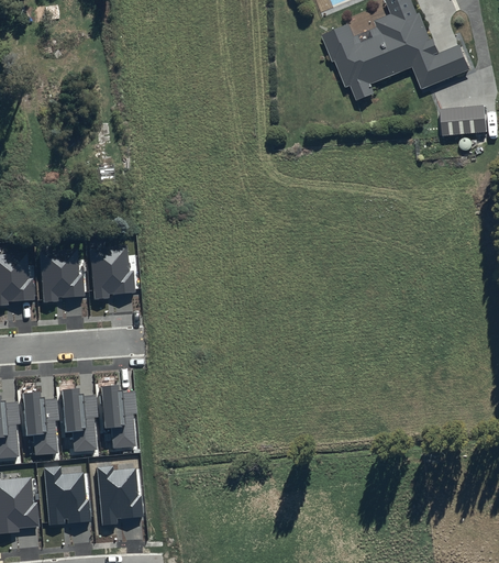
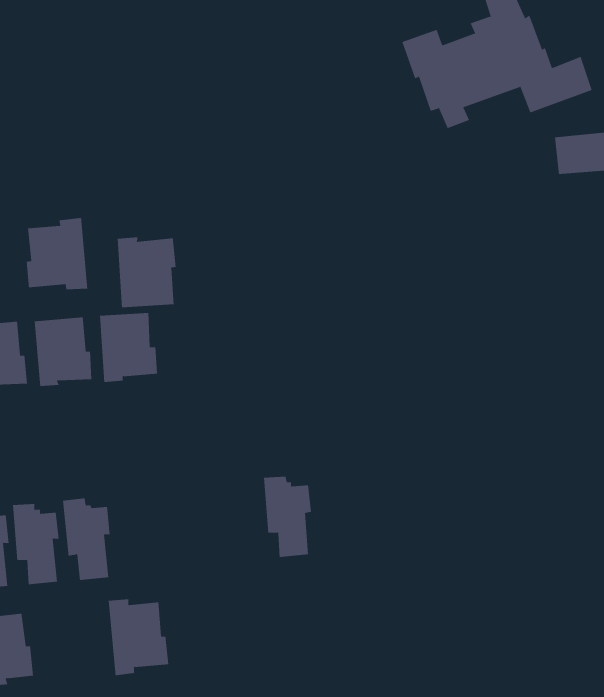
building: none -> [26,217,88,290]
building: none -> [117,237,176,308]
building: [100,384,137,446] -> [263,476,312,557]
building: [44,466,91,525] -> none

